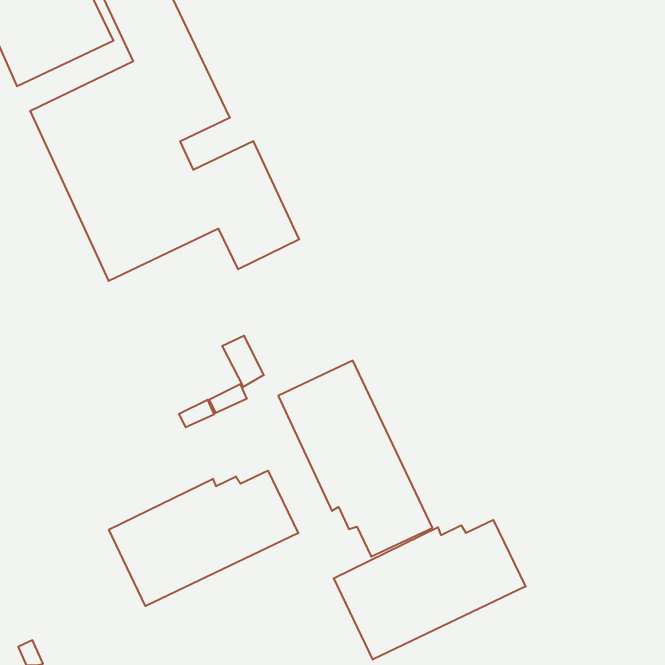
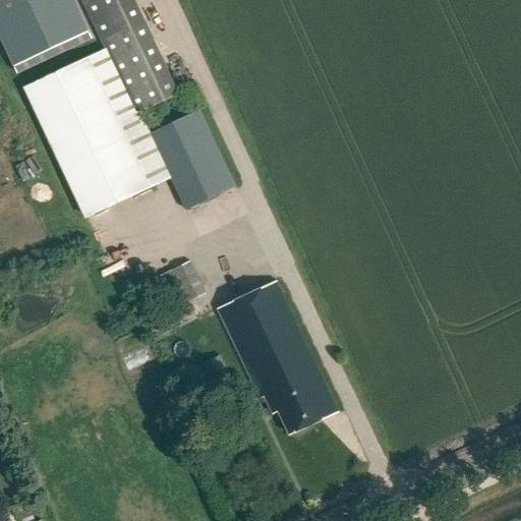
building: [109,471,298,606] -> none
building: [334,520,526,660] -> none

